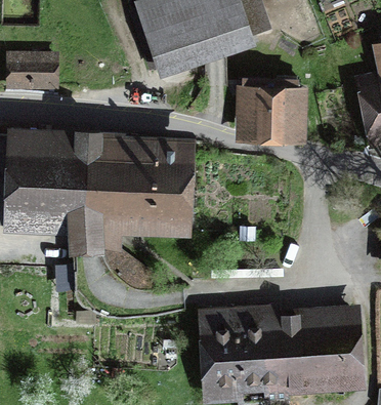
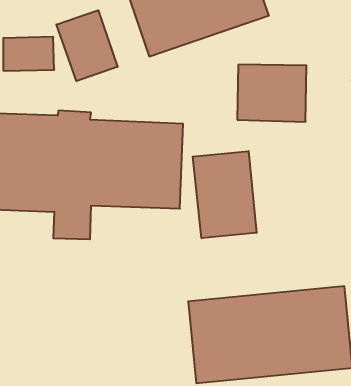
building: none -> [56,10,118,81]
building: none -> [193,151,256,238]

